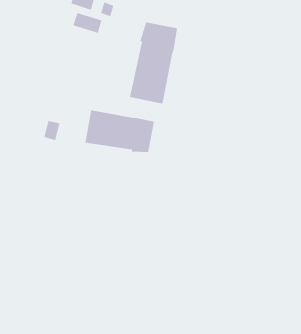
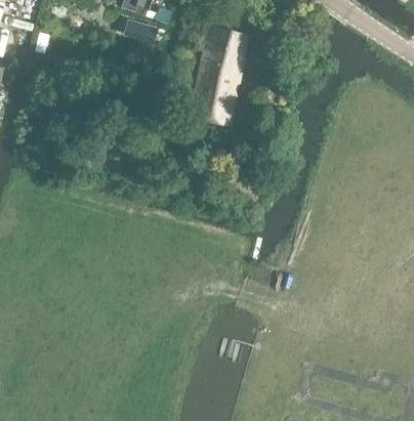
building: [85,110,155,153] -> none

